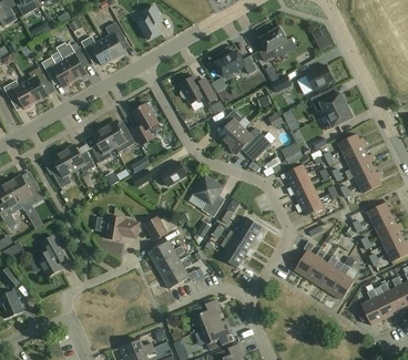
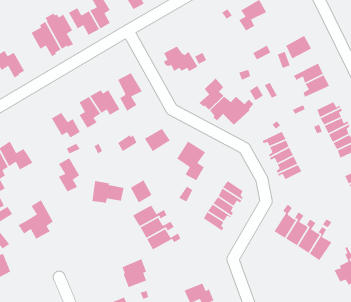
building: [215,51,256,76] -> none
building: [26,66,49,102] -> none
building: [51,151,74,187] -> [58,157,80,193]
building: [194,298,221,329] -> [122,258,147,288]

